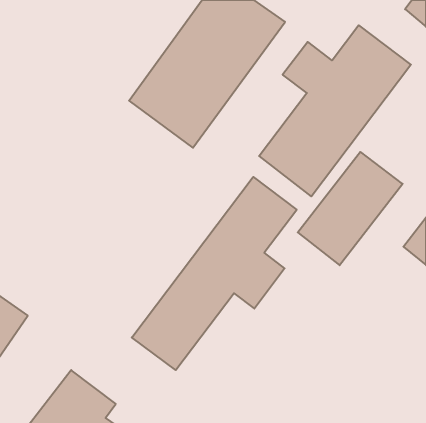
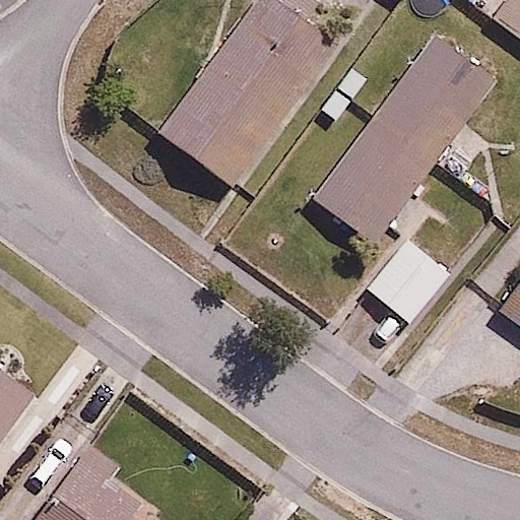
building: [132,177,297,370] -> none

